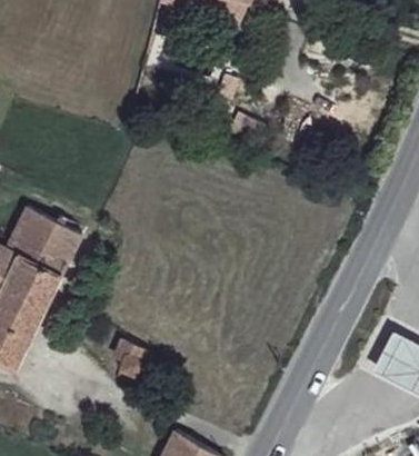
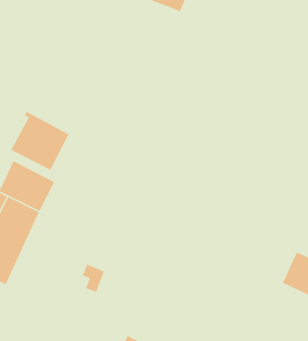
building: none -> [10,111,69,171]

